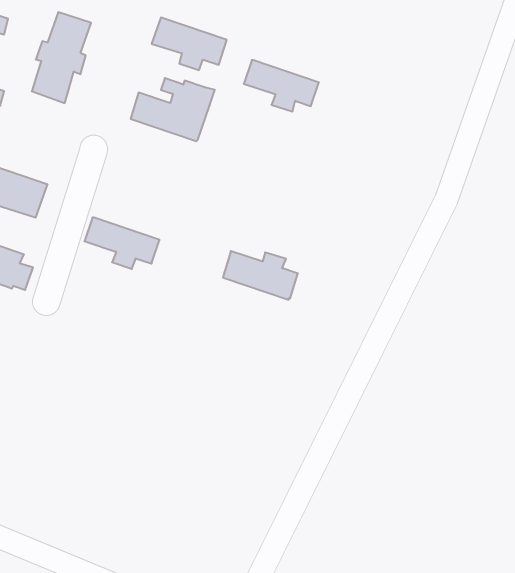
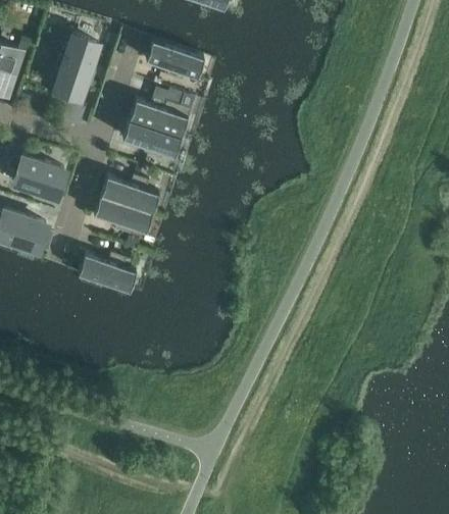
building: [244,60,319,111] -> [122,121,181,161]
building: [223,251,298,300] -> [101,177,159,215]
building: none -> [79,255,137,293]

